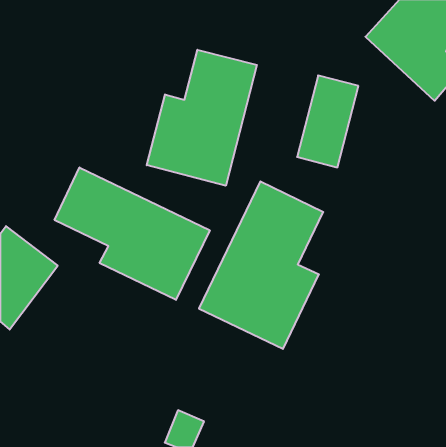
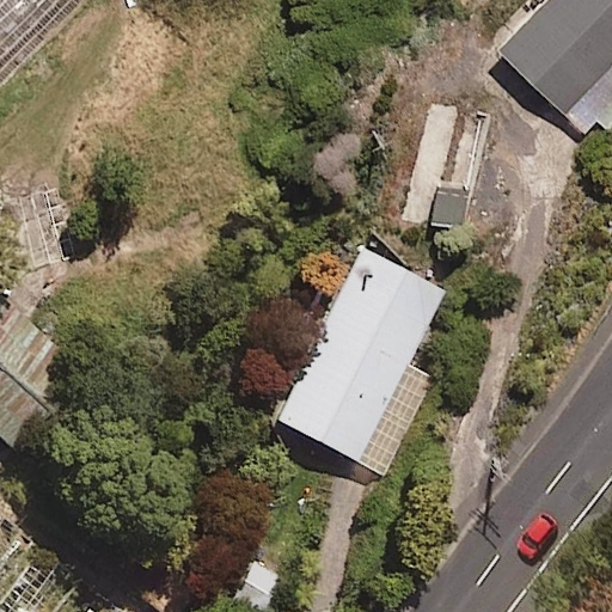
building: [147,50,257,186] -> none
building: [55,167,210,300] -> none

